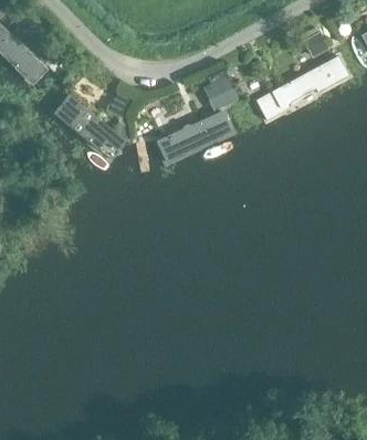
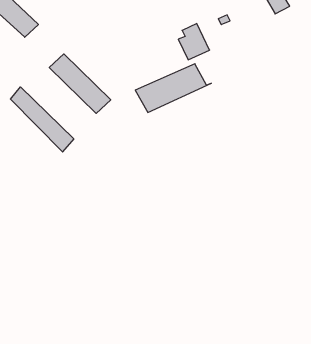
building: [252,56,345,122] -> none
building: none -> [10,87,74,152]

